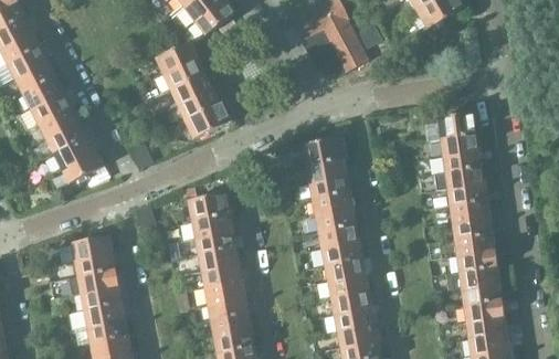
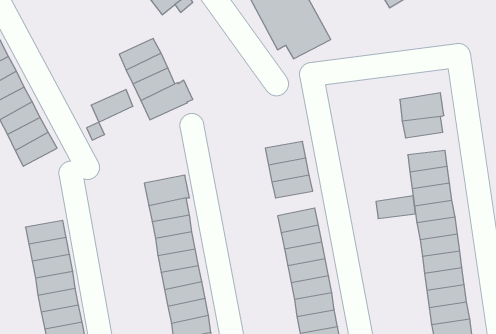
building: [156,42,197,74] -> [91,89,133,122]
building: [303,137,346,166] -> none
building: [443,150,482,172] -> [376,196,415,219]
building: [316,208,355,232] -> none

